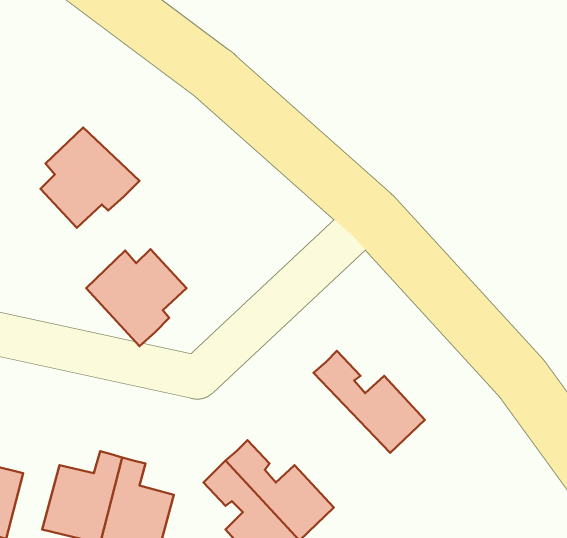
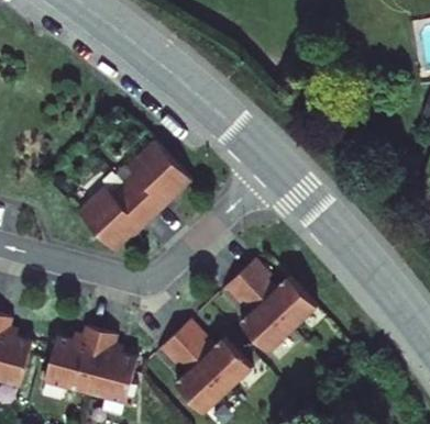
building: [41,128,139,228] -> [122,144,191,214]
building: none -> [221,274,290,353]

